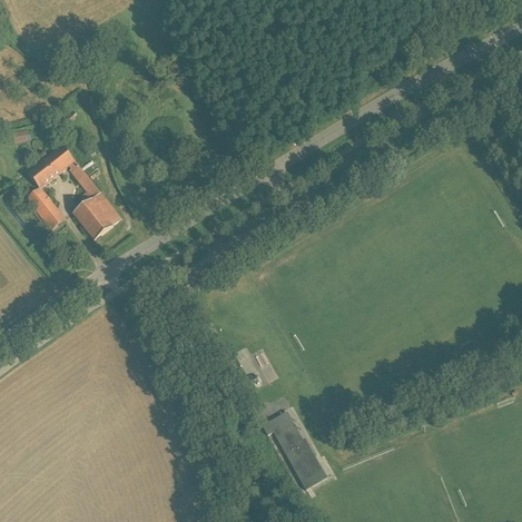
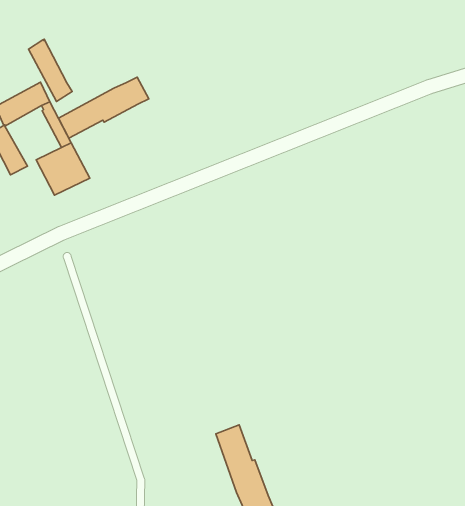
building: none -> [28,39,72,101]
building: none -> [59,77,149,138]

